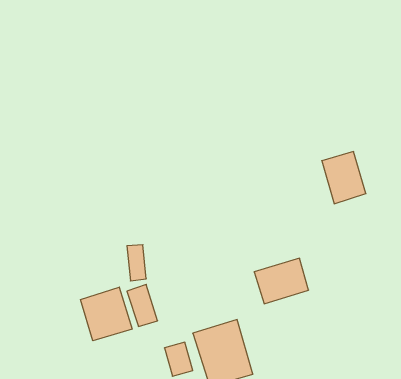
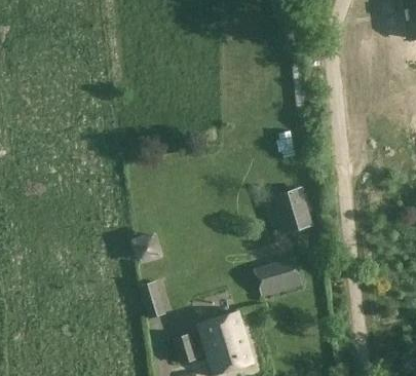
building: [322,152,366,204] -> [273,186,313,233]
building: [80,287,132,341] -> none

